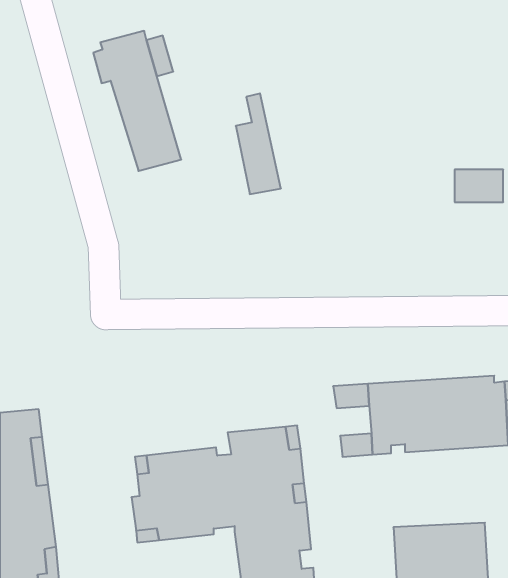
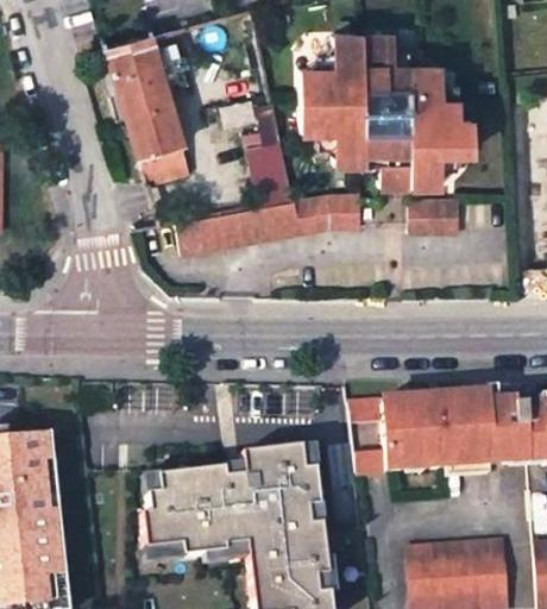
building: none -> [302,33,474,187]
building: [455,170,503,202] -> [408,202,458,236]
building: none -> [177,195,361,255]

